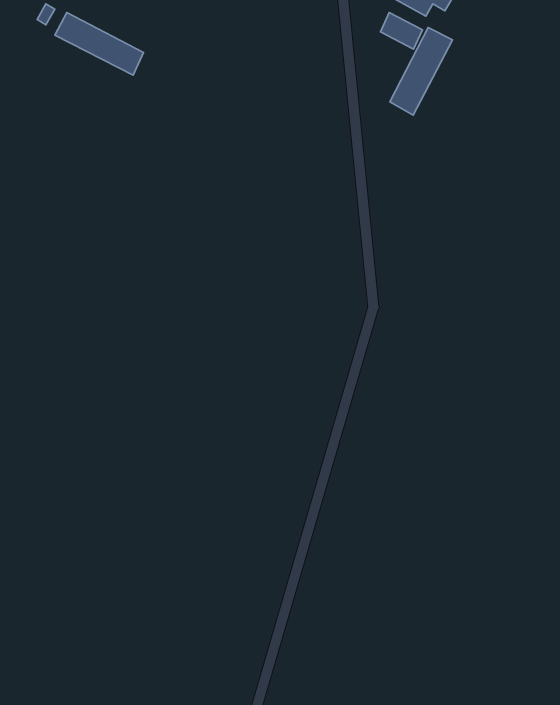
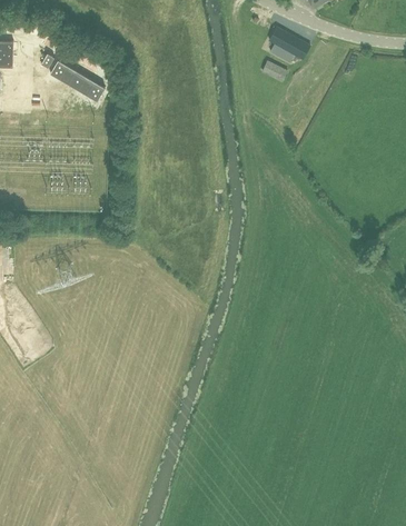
building: [390,27,453,115] -> none

